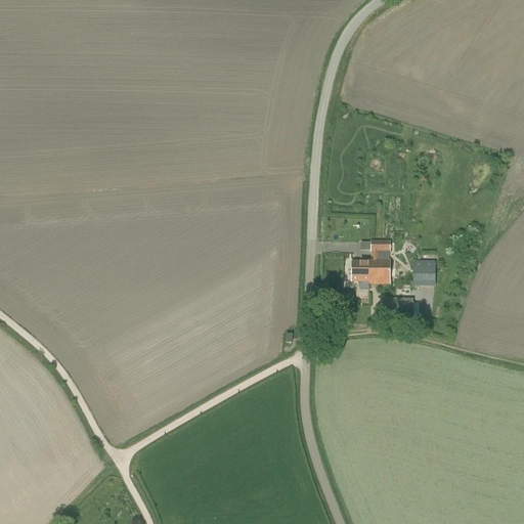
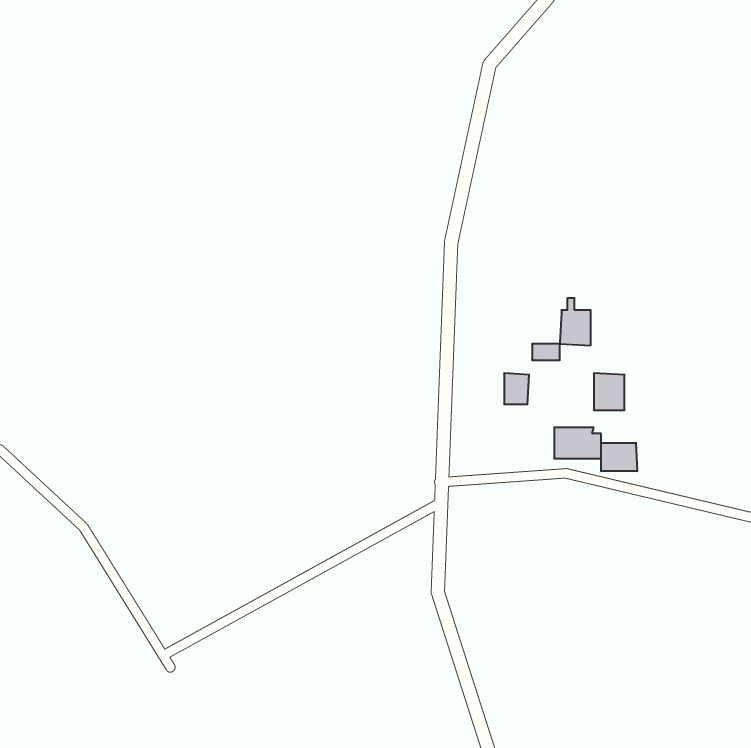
building: [367,251,389,283] -> [560,298,591,345]
building: none -> [601,443,637,471]

